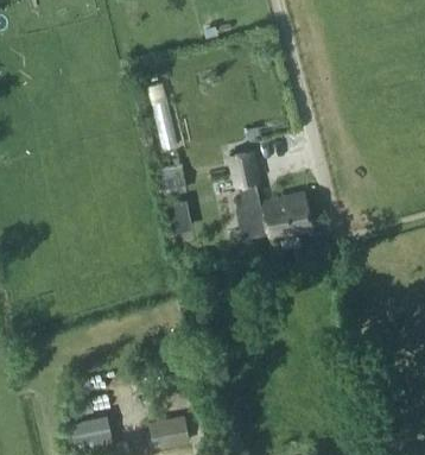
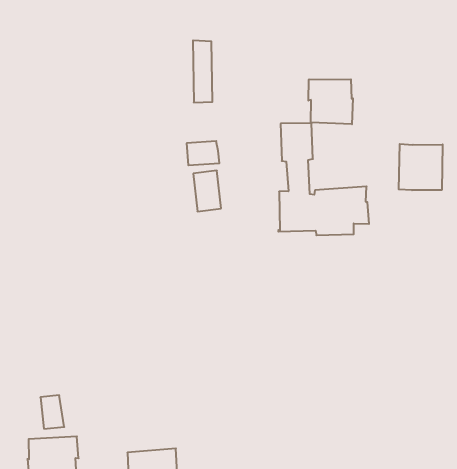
building: none -> [308,79,353,124]
building: none -> [399,144,443,190]

